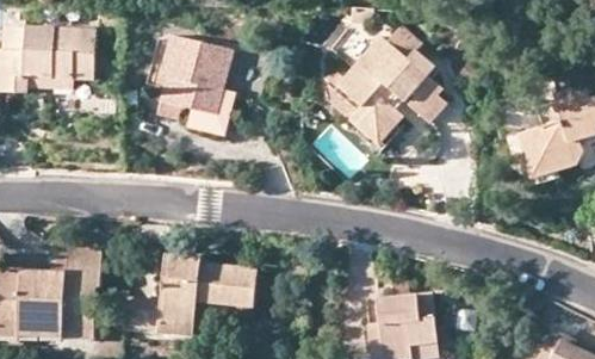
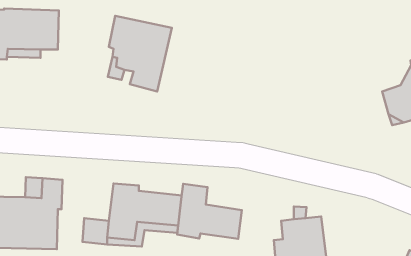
building: [335,33,445,144] -> none
building: none -> [177,184,242,239]

